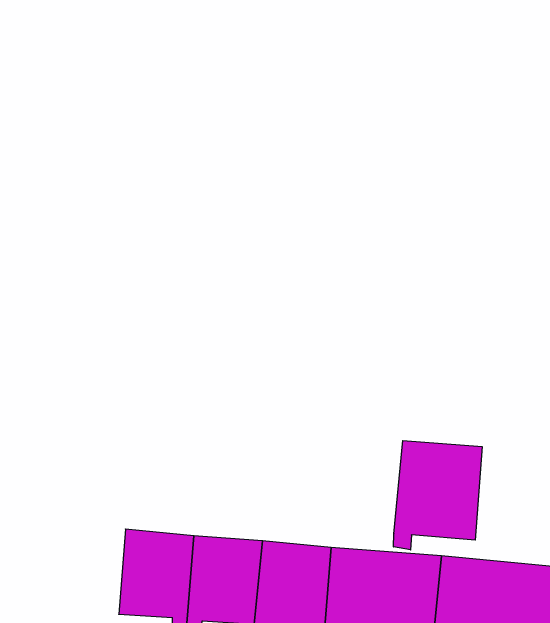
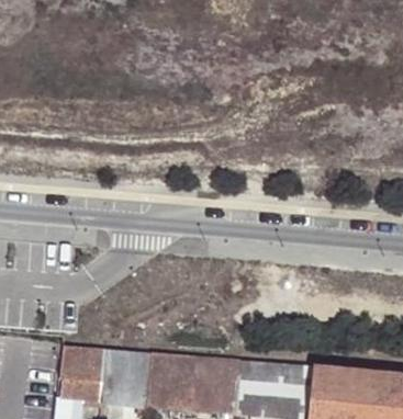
building: [394,441,482,550] -> none
building: none -> [59,344,107,404]

